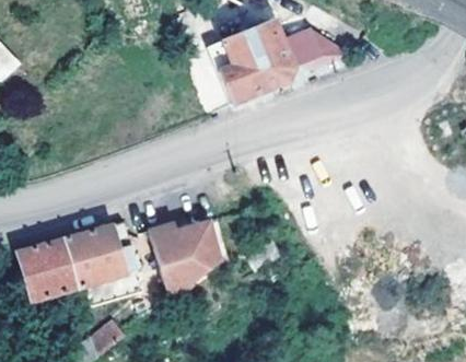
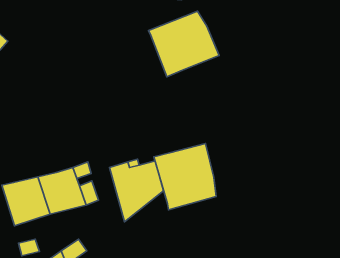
building: [281,28,359,79] -> none
building: none -> [154,144,216,210]

